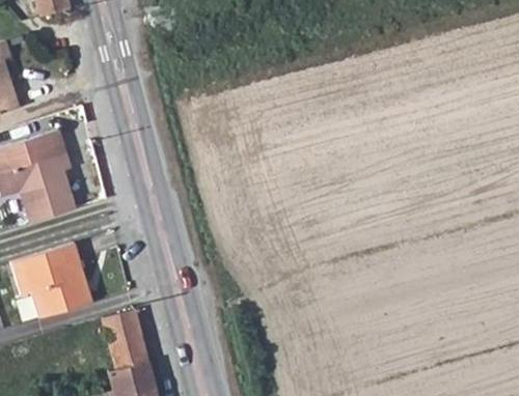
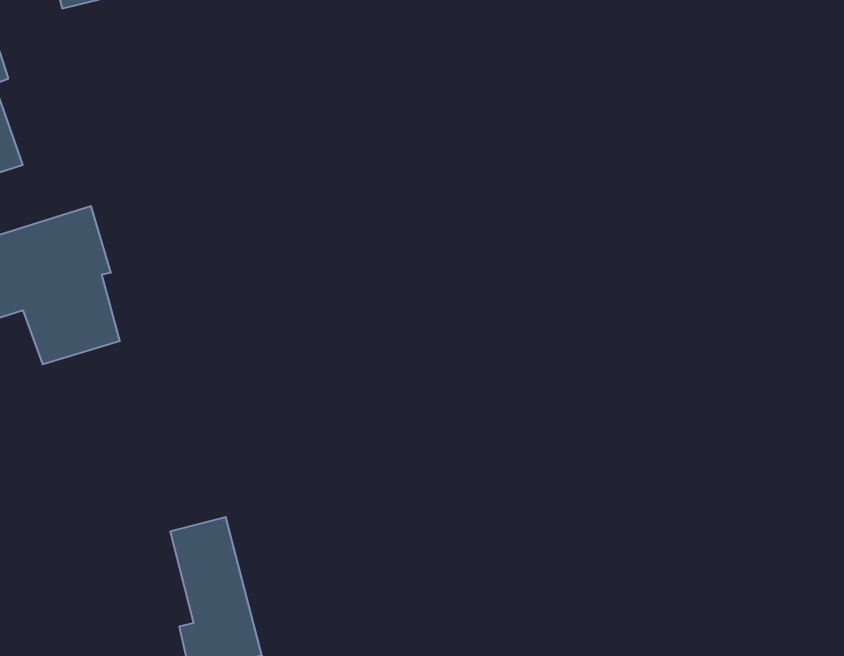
building: [11,244,92,317] -> none

